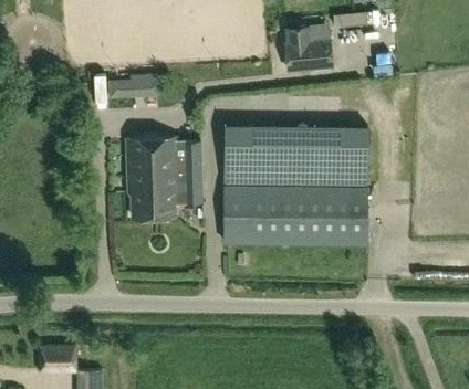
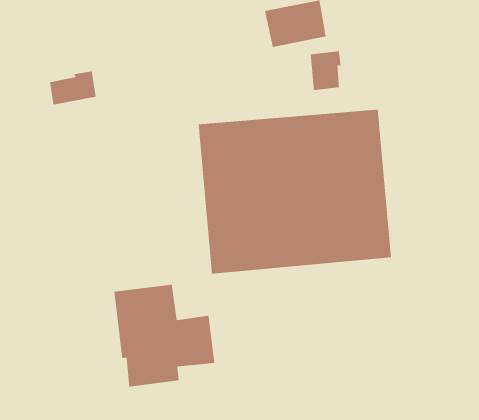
building: none -> [310,50,341,91]
building: [128,139,204,218] -> [114,284,215,387]

